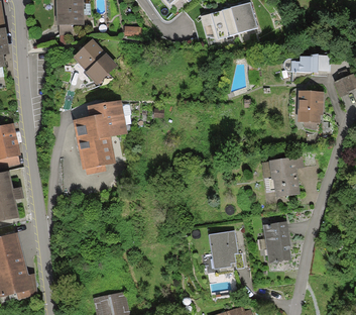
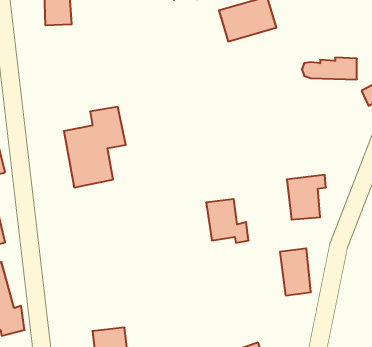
building: [70,36,119,91] -> none
building: [296,92,321,124] -> none
building: [209,232,246,271] -> [206,199,249,243]

